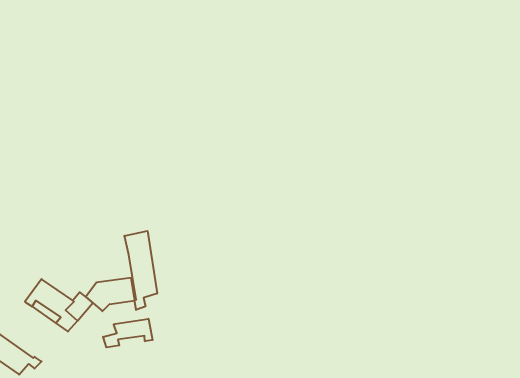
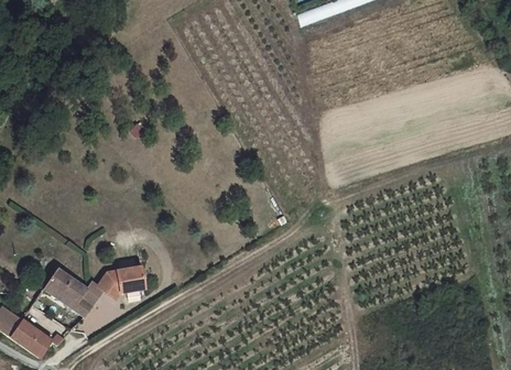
building: [124,231,157,310] -> none
building: [103,319,153,347] -> none

